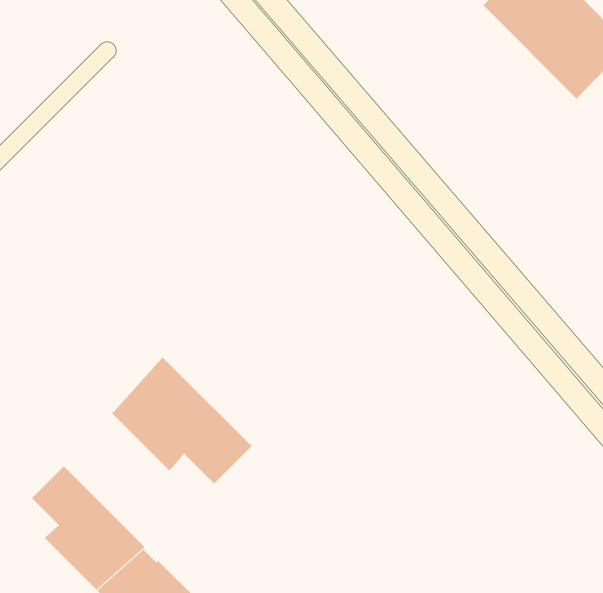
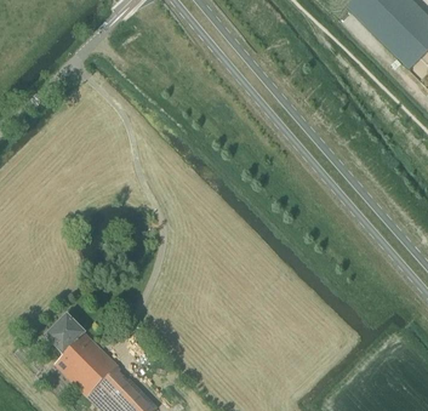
building: [112,357,252,484] -> none

